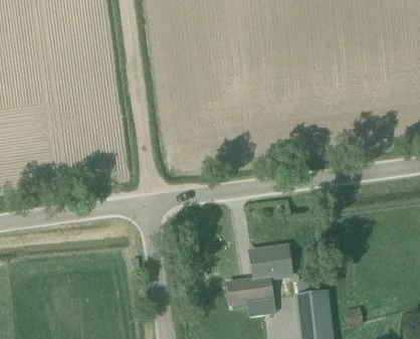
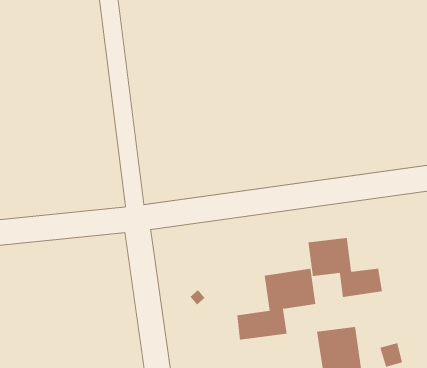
building: none -> [308,237,383,298]

